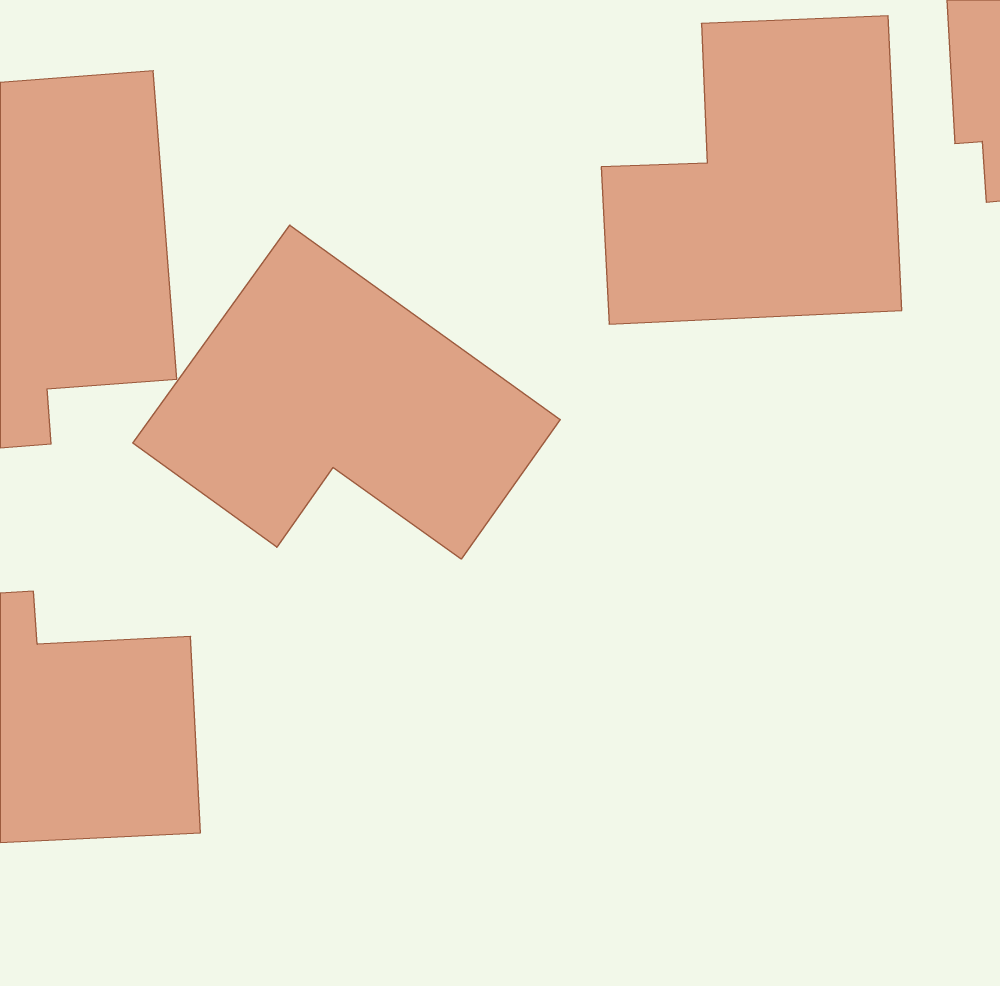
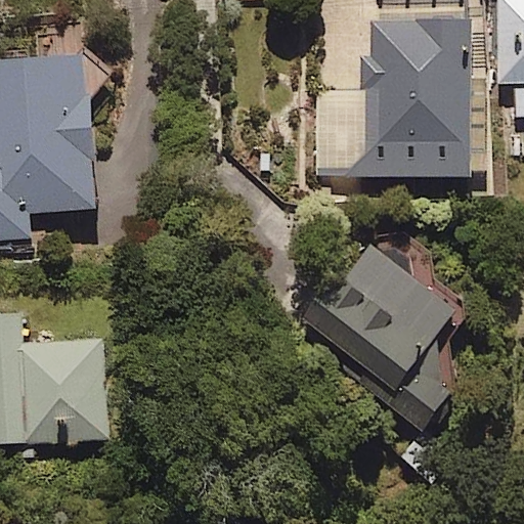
building: [133,225,560,559] -> none
building: none -> [295,239,451,426]

